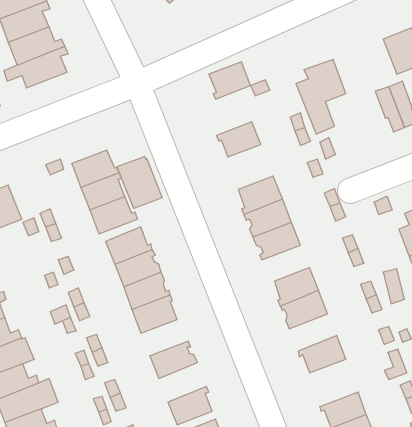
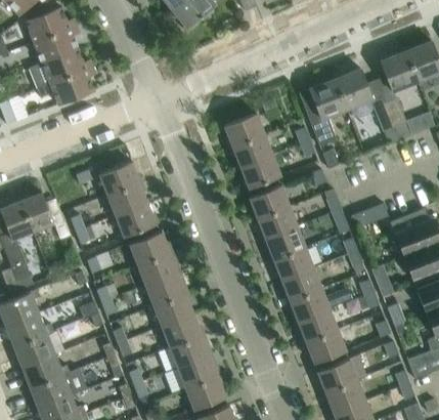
building: none -> [336,69,374,118]
building: [209,62,251,99] -> [224,114,262,148]
building: none -> [240,156,278,190]
building: [117,157,162,208] -> none
building: none -> [271,247,314,280]
building: none -> [296,309,339,343]
building: none -> [162,314,205,347]
building: none -> [178,353,221,389]
building: none -> [317,354,366,393]

